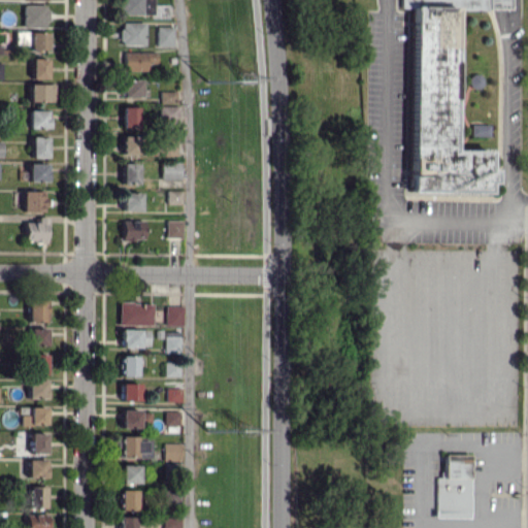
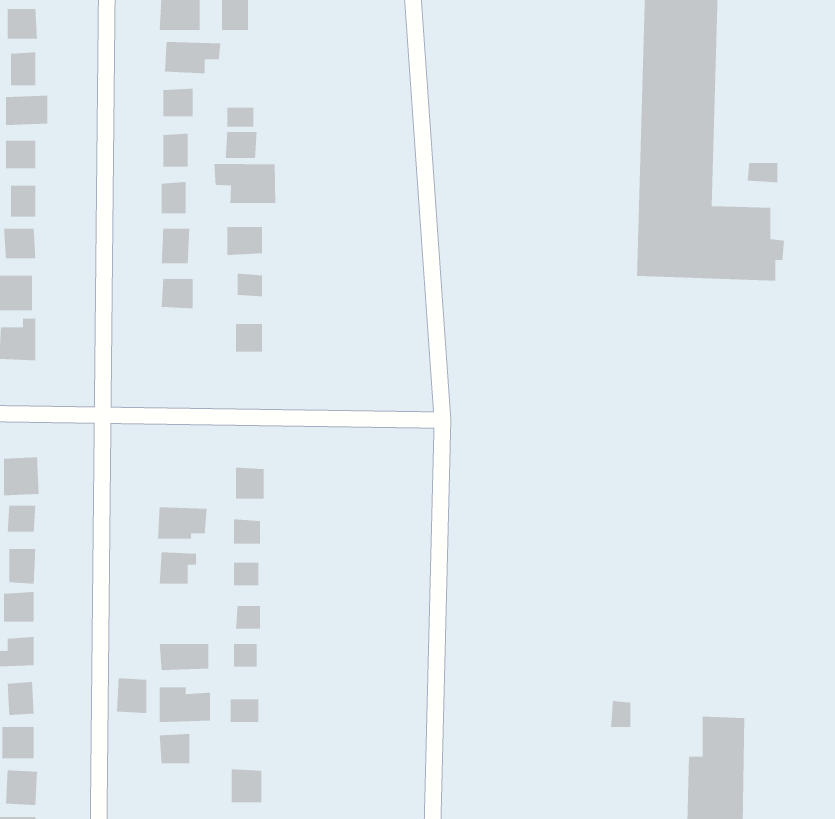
building: none -> [214,163,276,204]
building: [125,222,147,241] -> none
building: [122,303,156,326] -> none
building: [124,384,142,405] -> [116,678,147,714]
building: [123,490,141,510] -> [231,769,262,803]

